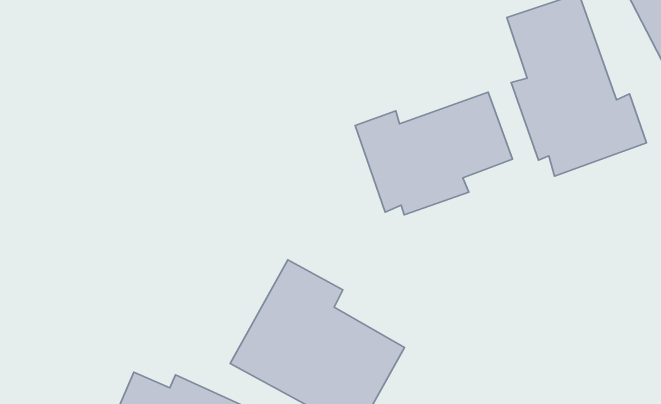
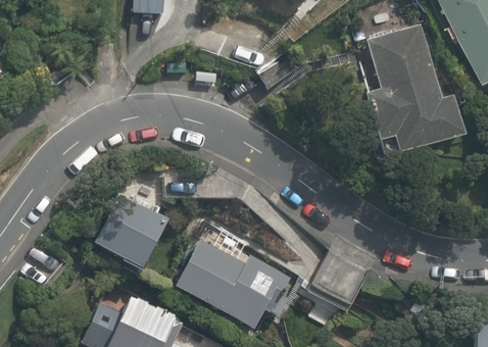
building: [355,92,513,215] -> none
building: none -> [95,187,182,275]

